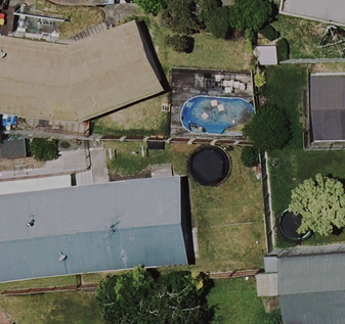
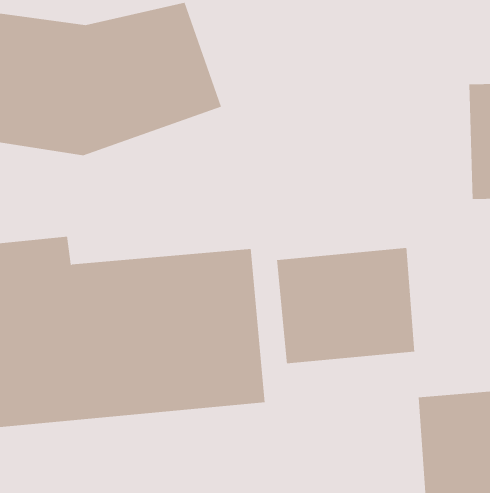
building: none -> [276,247,415,364]

